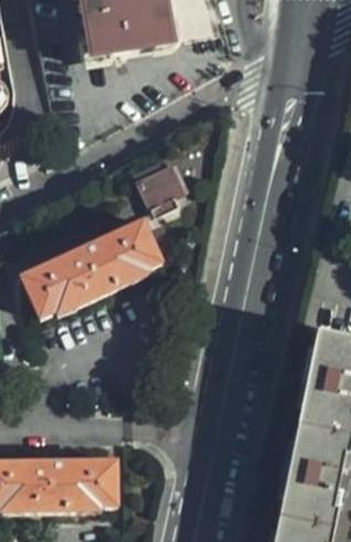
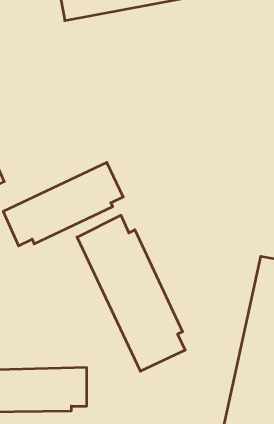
building: [133,166,181,214] -> none
building: none -> [77,215,185,371]

